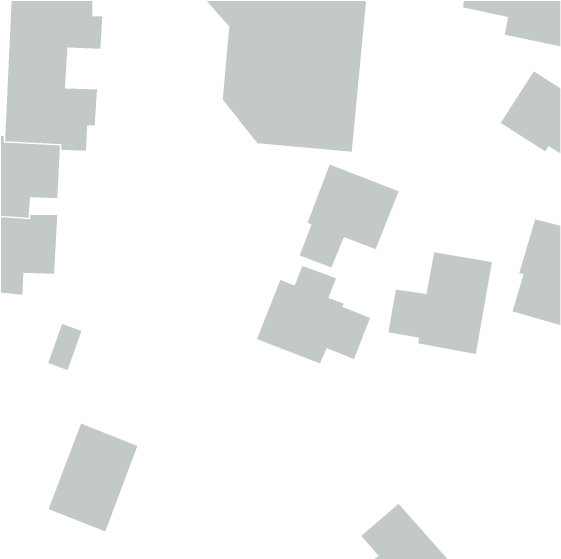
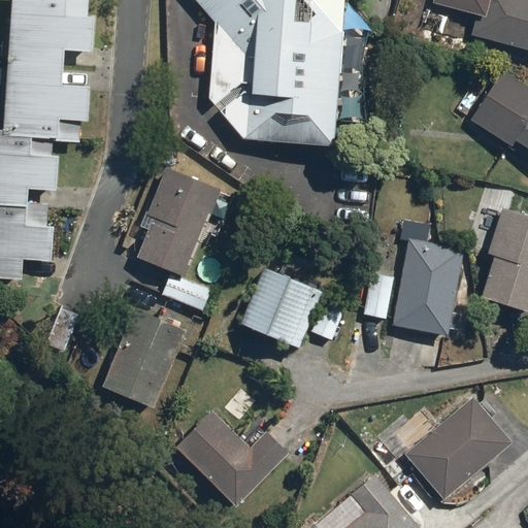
building: [299,163,400,269] -> none
building: none -> [139,165,234,308]
building: none -> [404,394,512,499]
building: [48,423,139,532] -> [101,306,187,409]
building: none -> [174,407,290,504]

